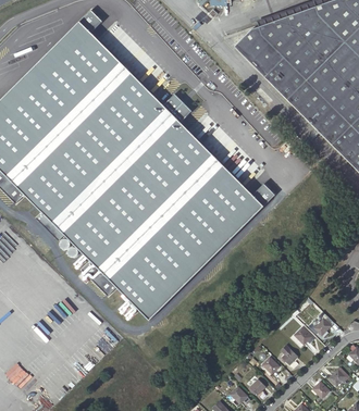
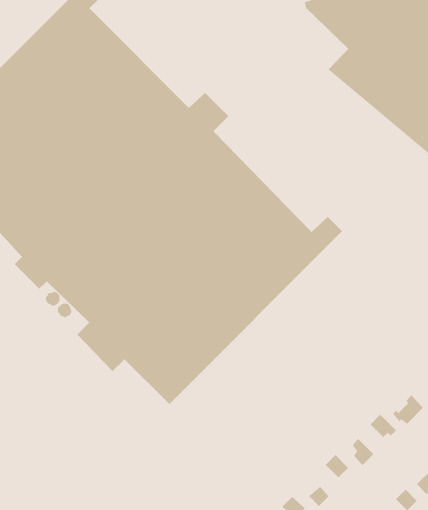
building: [235,33,278,77] -> none

